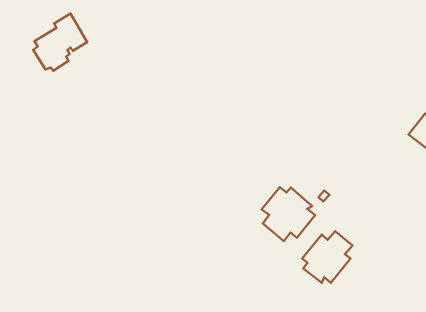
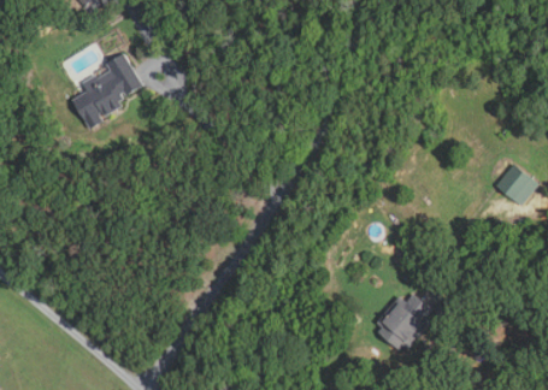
building: [262,187,315,241] -> none

